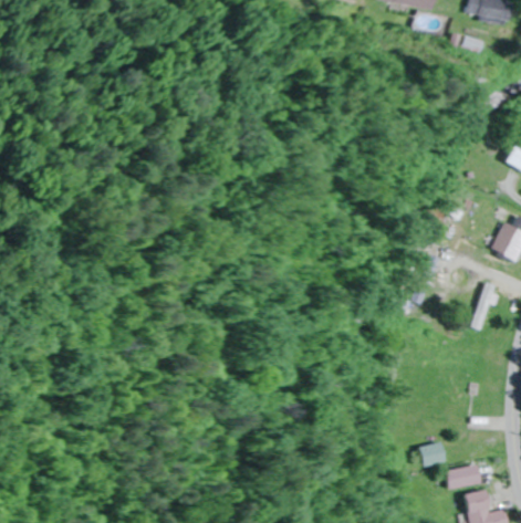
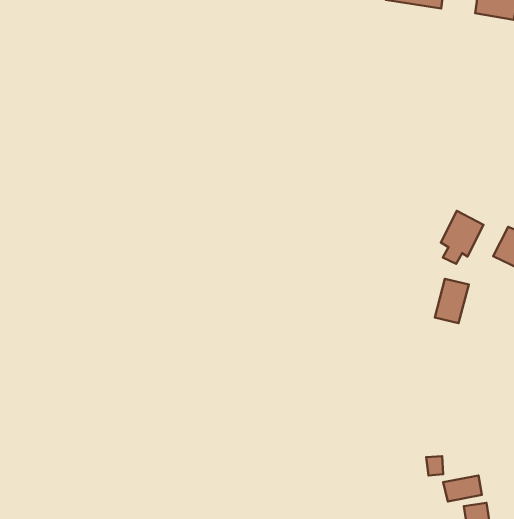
building: none -> [441,211,483,264]
building: [469,284,502,327] -> [435,279,469,323]

